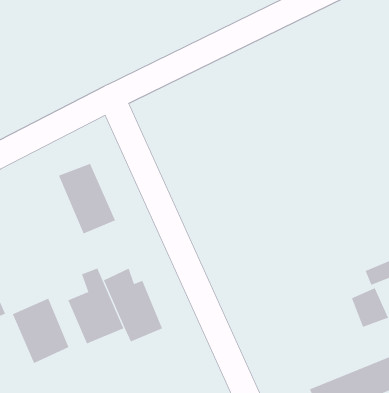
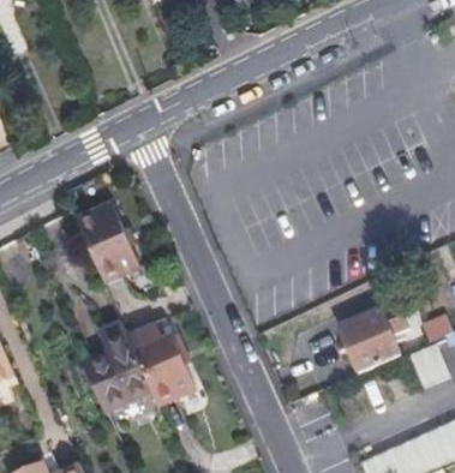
building: none -> [340,309,409,372]
building: [12,298,69,364] -> none

